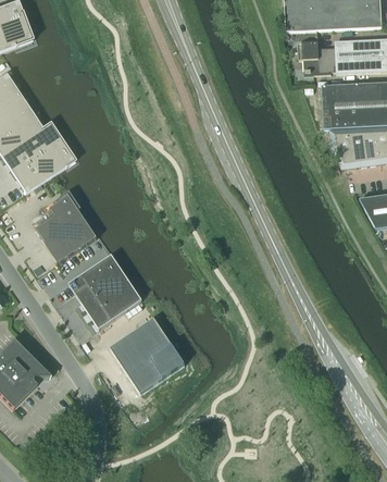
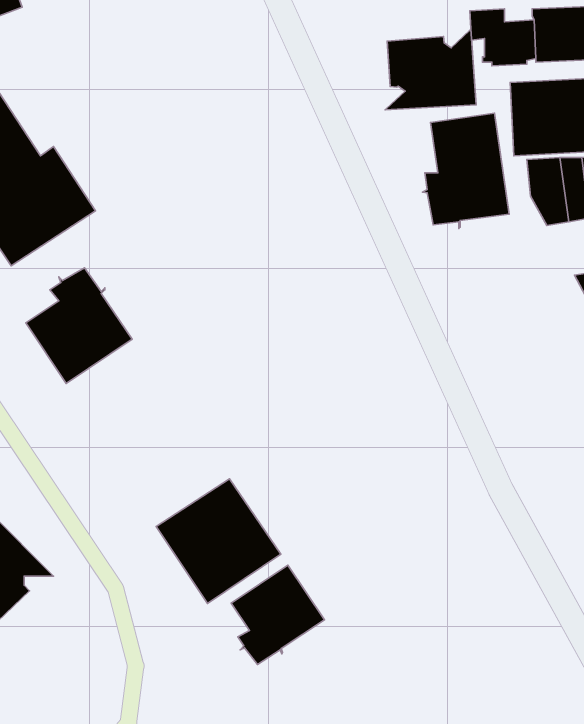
building: none -> [385,29,476,110]
building: none -> [423,113,509,229]
building: [68,254,142,329] -> none
building: none -> [231,565,324,665]

